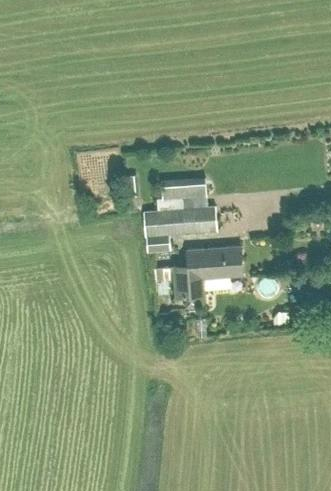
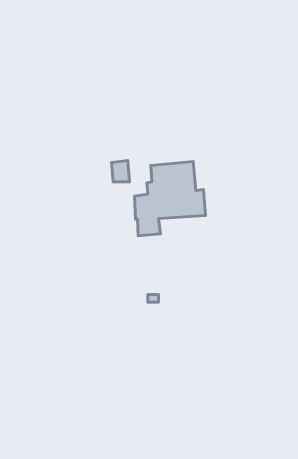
building: [169,246,242,308] -> none

